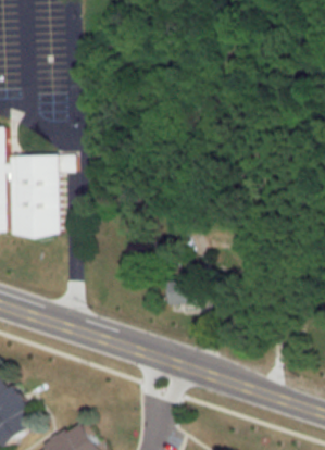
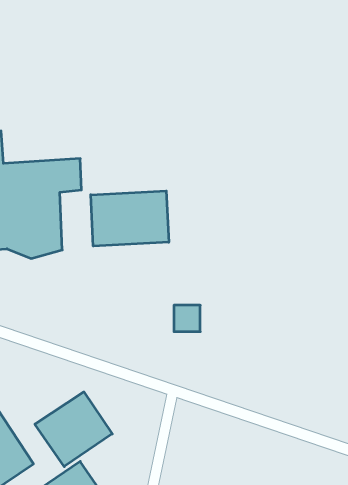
building: none -> [91,191,169,246]
building: none -> [35,392,112,467]

